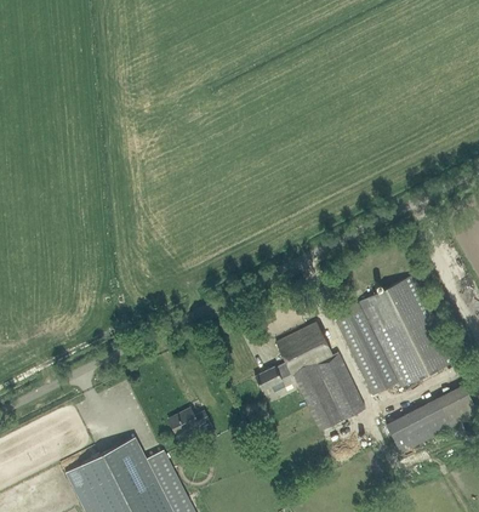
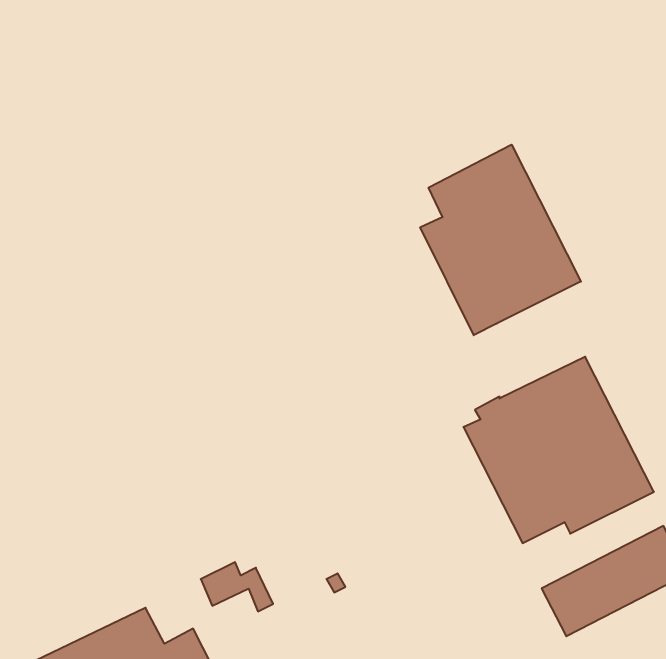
building: none -> [420,145,581,335]
building: [256,322,367,432] -> none

